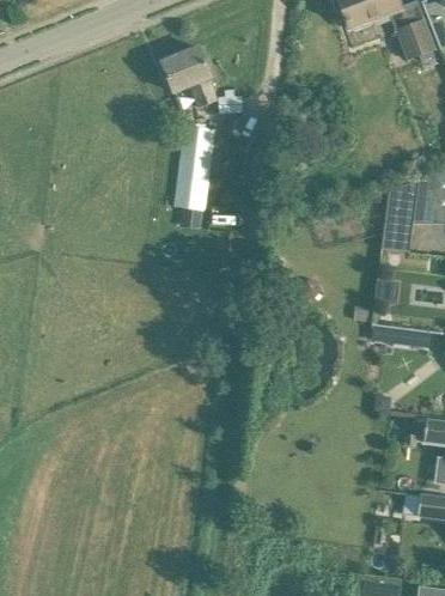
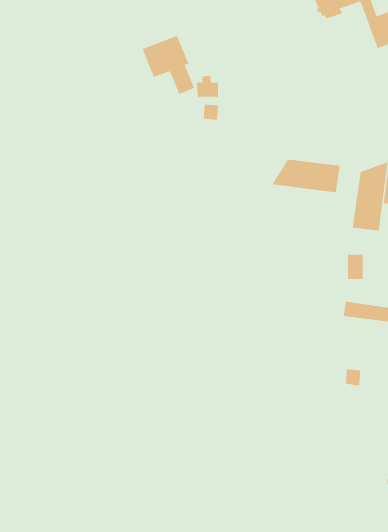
building: [173,126,212,209] -> none
building: none -> [271,159,340,193]

